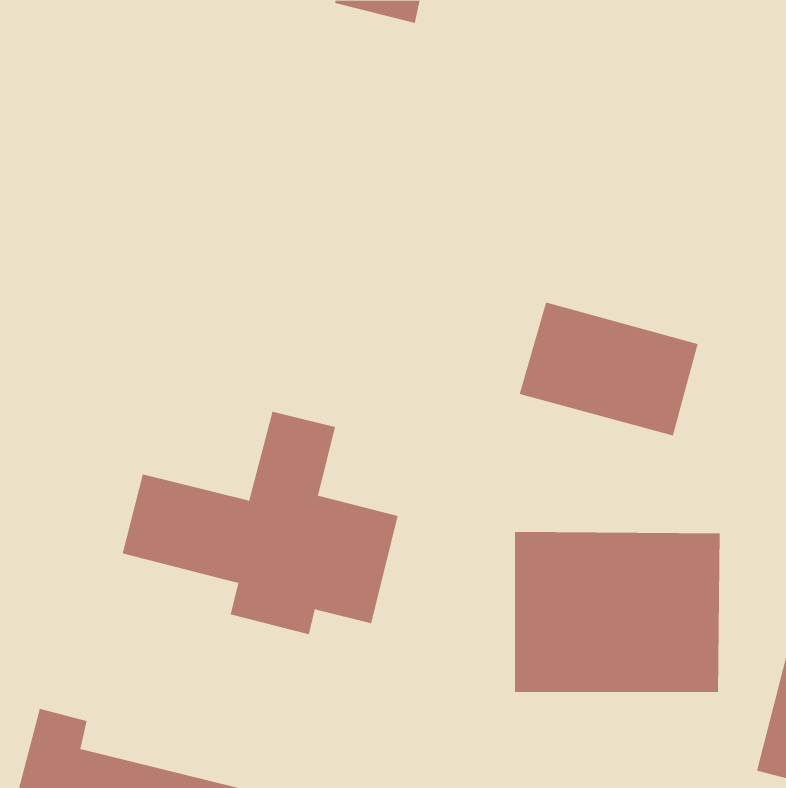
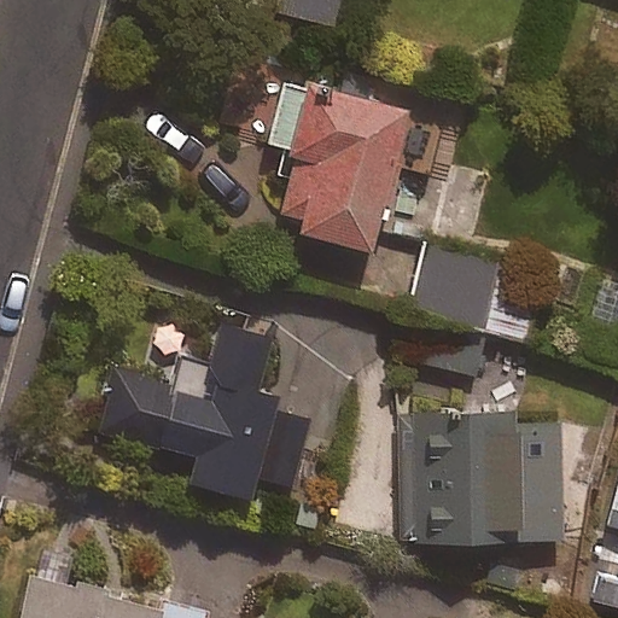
building: none -> [273,84,400,249]

